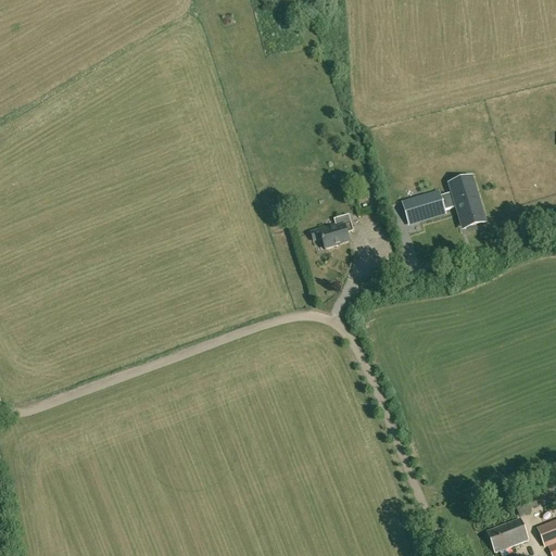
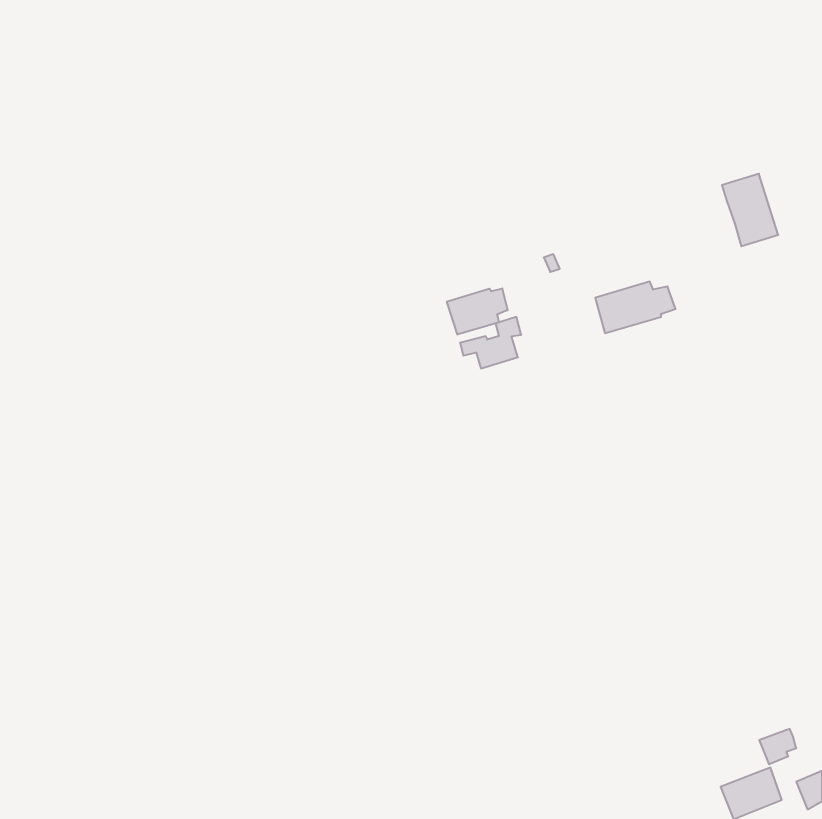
building: [447,175,485,224] -> [722,174,778,246]
building: none -> [447,288,508,335]

